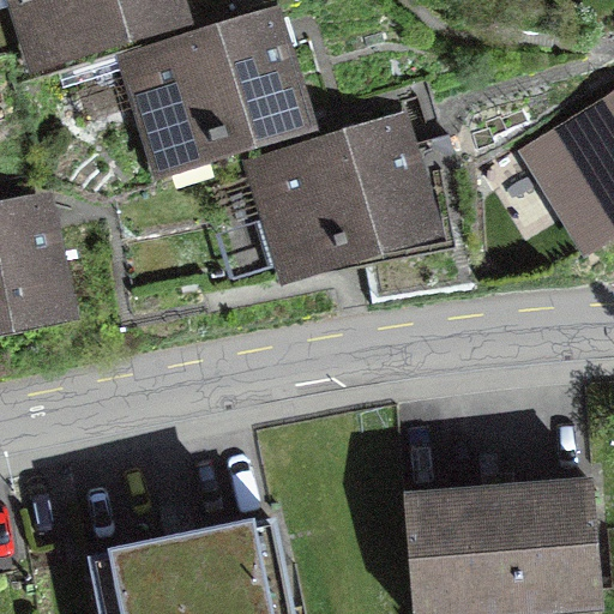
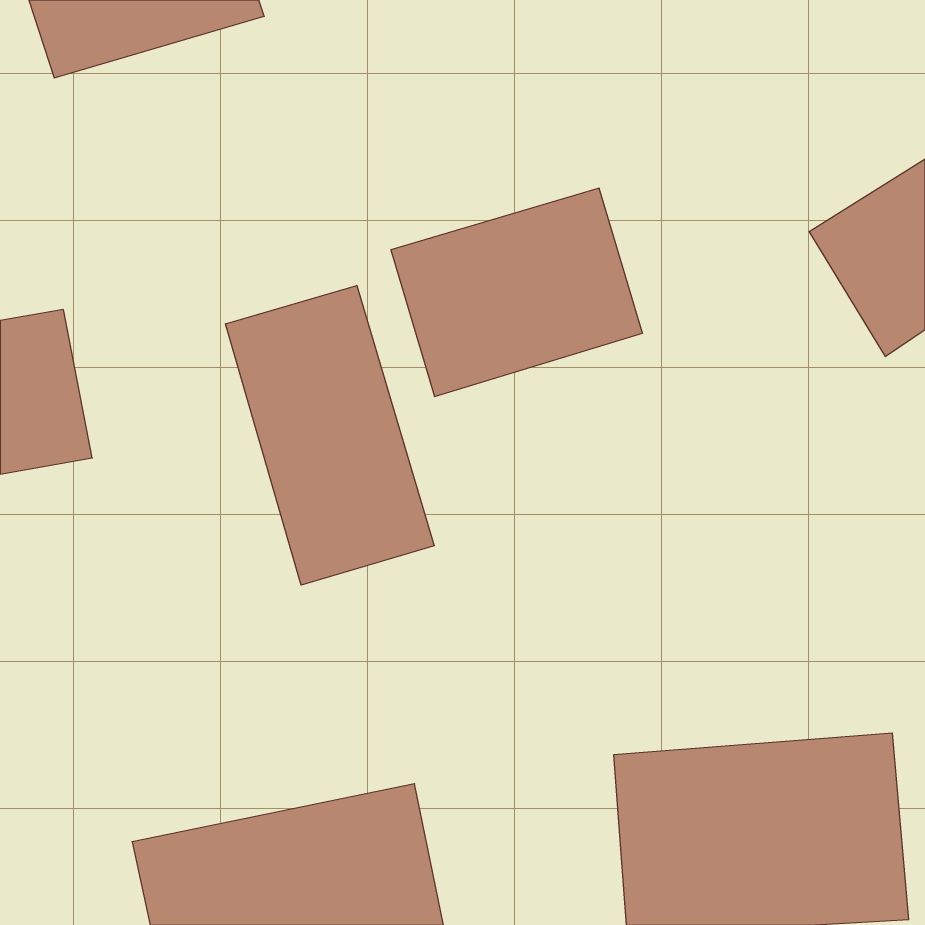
building: [133,19,300,157] -> none
building: none -> [225,285,434,585]

